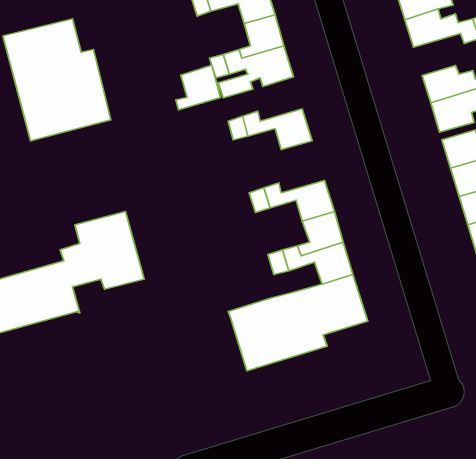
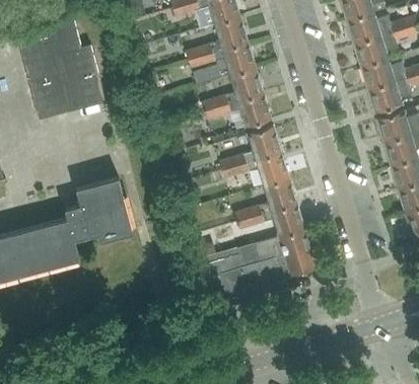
building: none -> [354,31,398,66]
building: [176,65,220,110] -> [226,67,263,103]
building: none -> [243,126,281,162]

